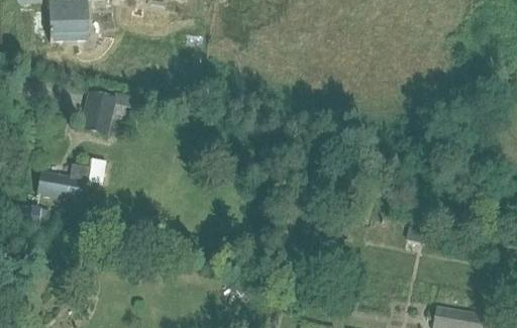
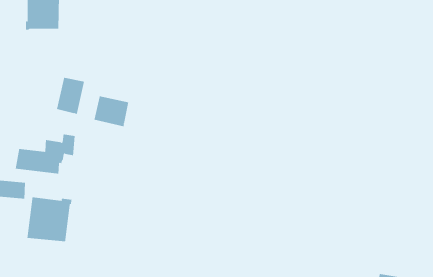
building: none -> [94,96,129,127]
building: none -> [27,196,72,242]

